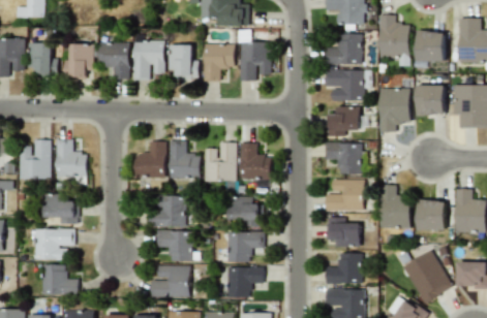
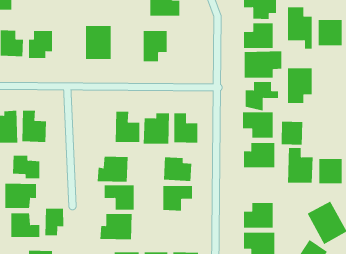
building: [239,41,271,81] -> none
building: [97,42,128,78] -> none
building: [168,45,199,78] -> none
building: [416,85,446,116] -> none
building: [133,141,165,179] -> none
building: none -> [281,121,303,145]
building: [327,217,360,247] -> none
building: none -> [45,208,64,236]
building: [226,267,263,297] -> none

